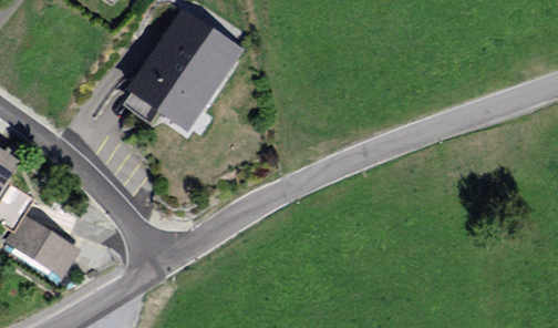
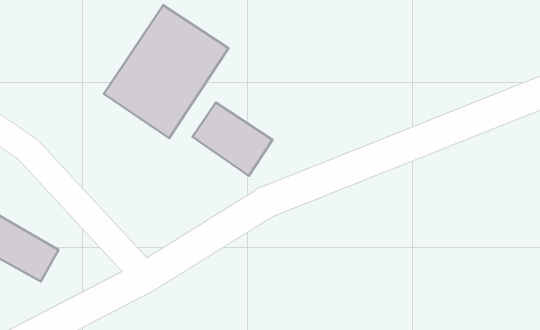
building: none -> [193,102,273,176]

